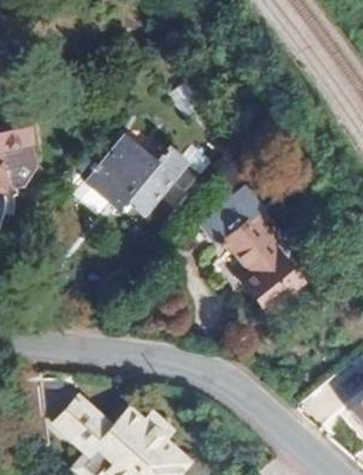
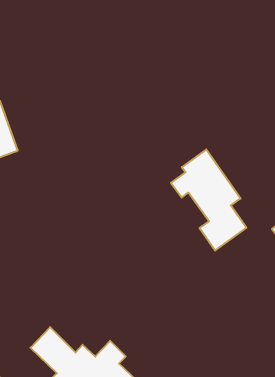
building: [93,133,197,214] -> none

